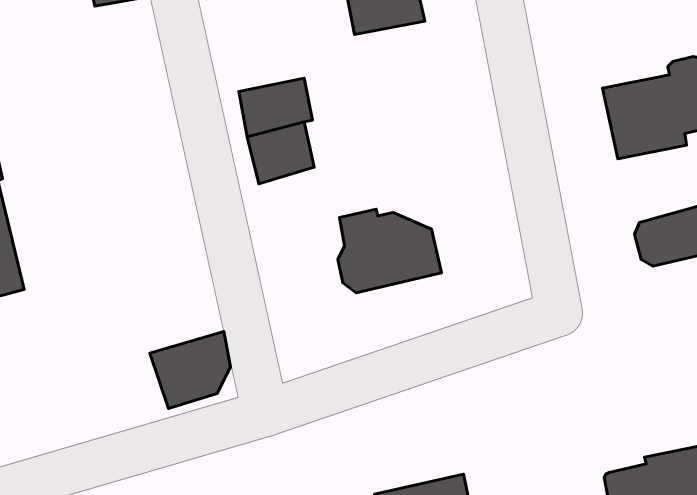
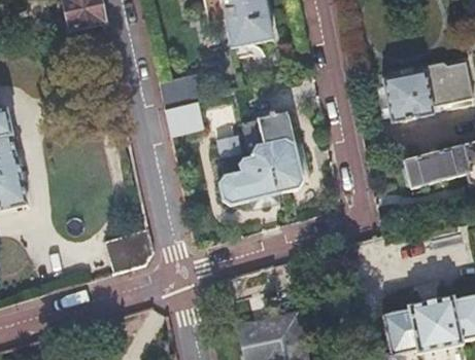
building: none -> [243,112,303,192]

